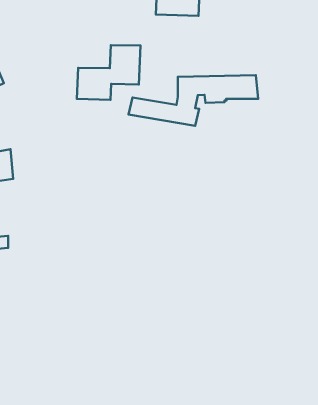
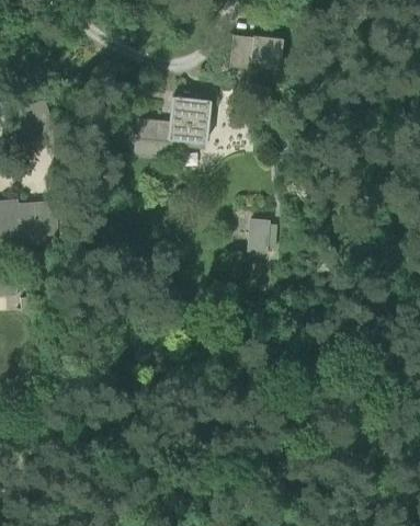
building: [128,75,258,126] -> none
building: none -> [247,219,268,254]

